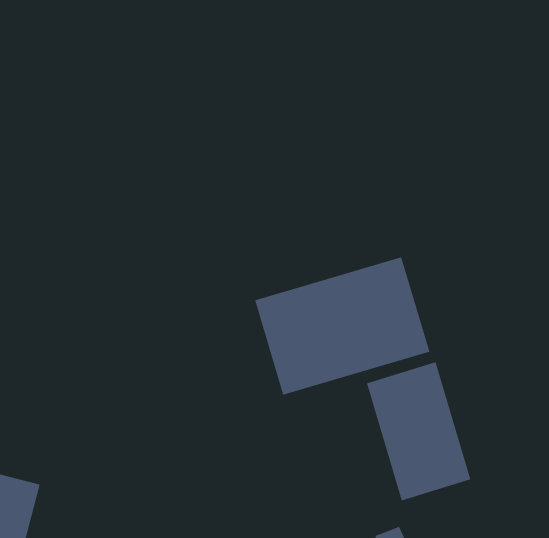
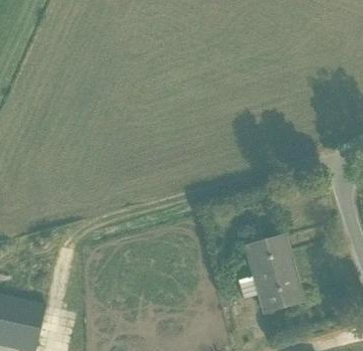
building: [254,256,430,396] -> none

